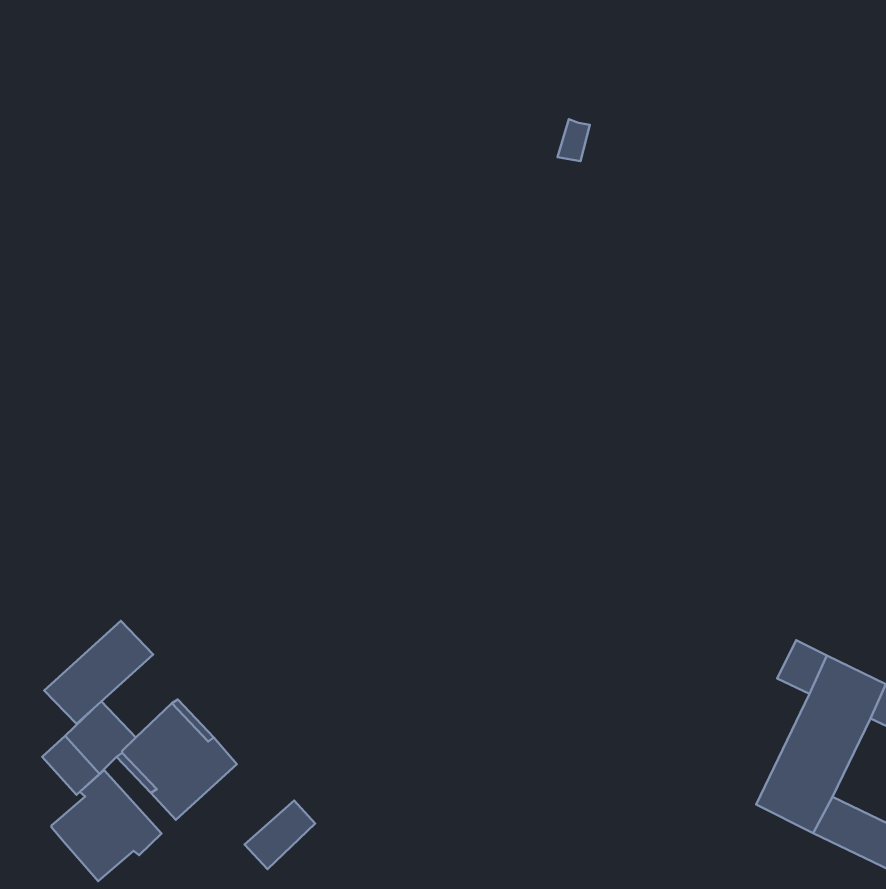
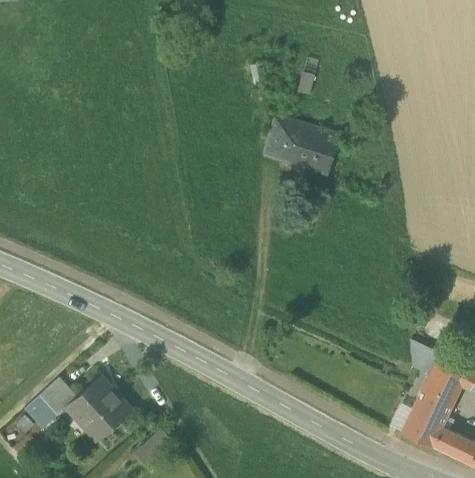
building: none -> [264,115,339,174]
building: [44,621,153,724] -> none
building: [52,770,162,881] -> none

